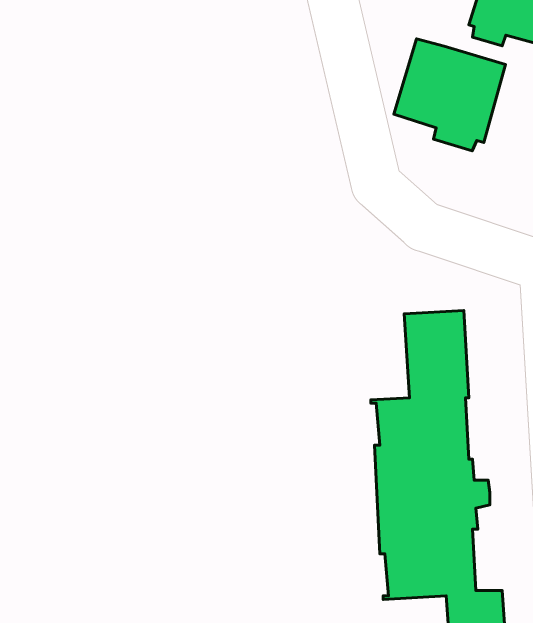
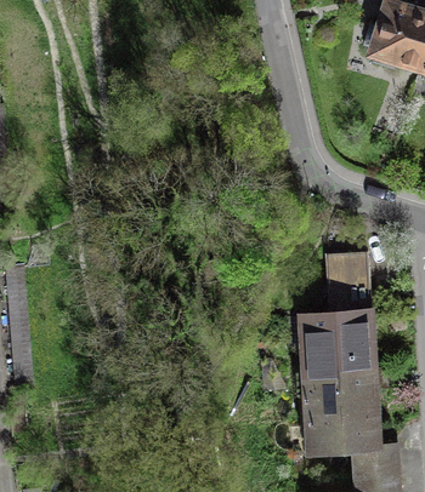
building: [394,39,506,151] -> none

